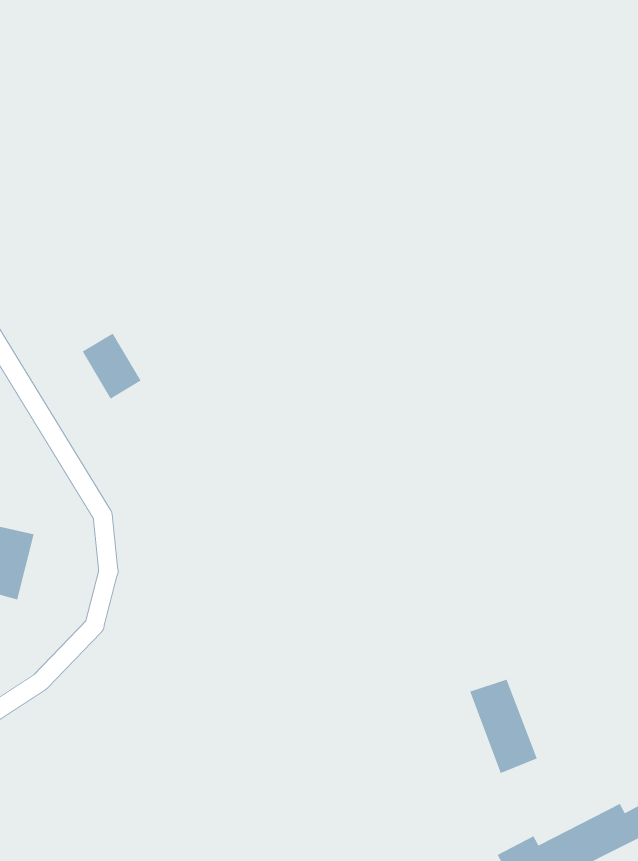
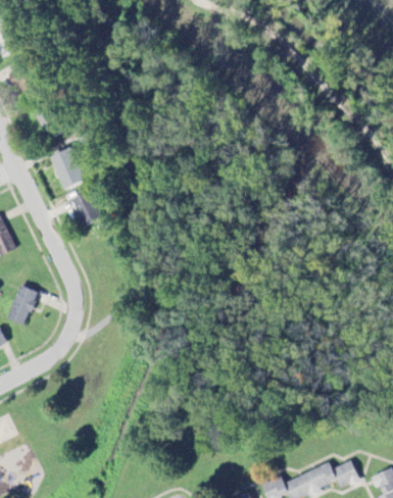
building: none -> [51,146,86,189]
building: [470,679,538,774] -> none

